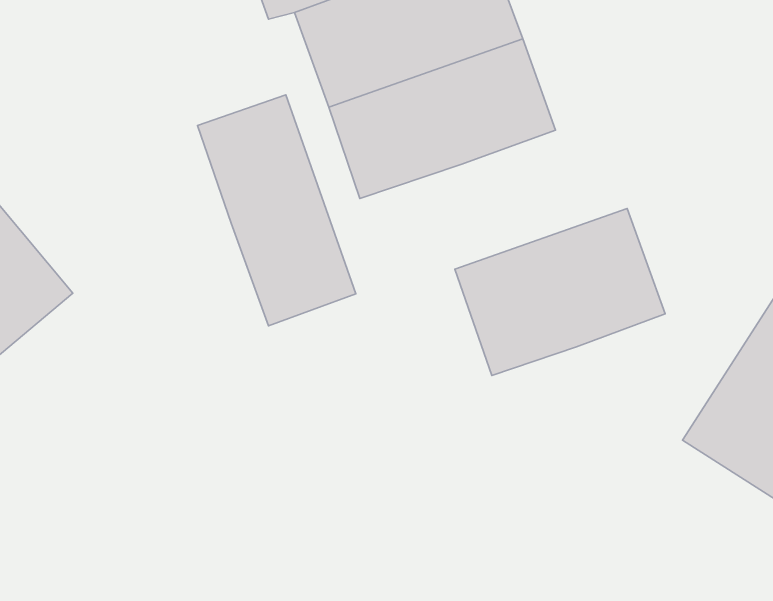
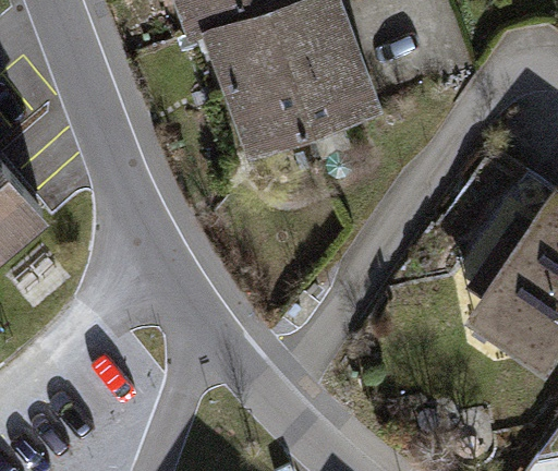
building: [197,95,356,326] -> none
building: [455,208,665,376] -> none

